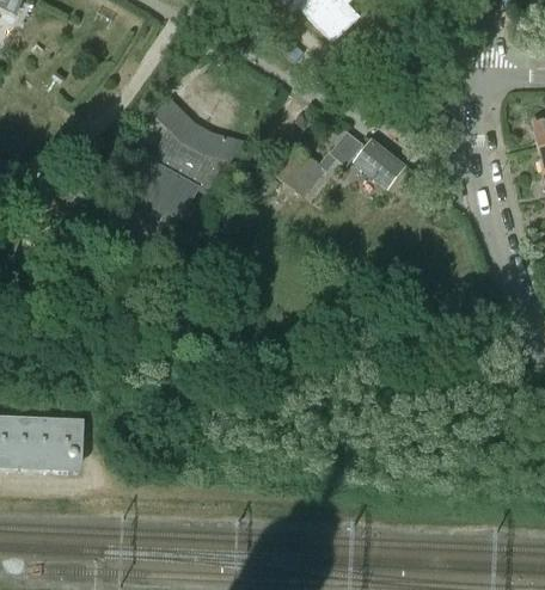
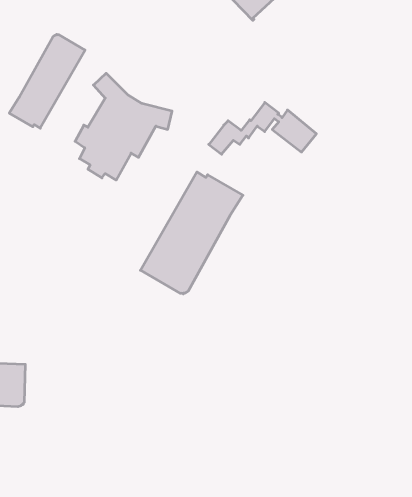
building: none -> [9,34,85,128]
building: none -> [140,172,243,294]

